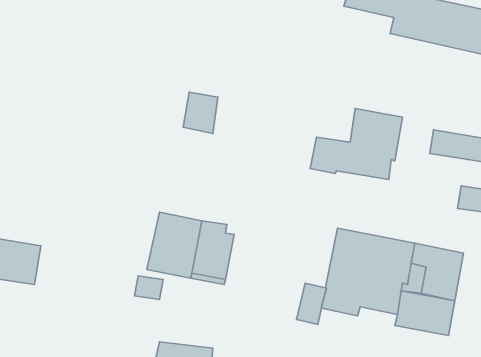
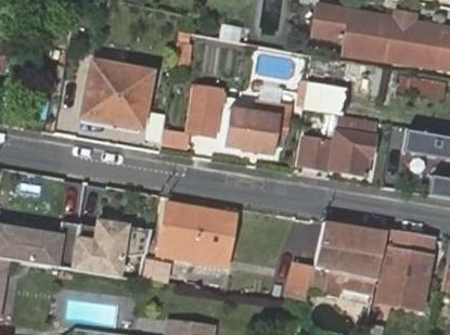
building: none -> [82,64,150,127]
building: none -> [298,82,340,114]
building: none -> [223,109,281,155]
building: none -> [70,217,131,279]

